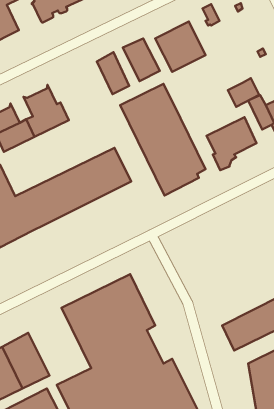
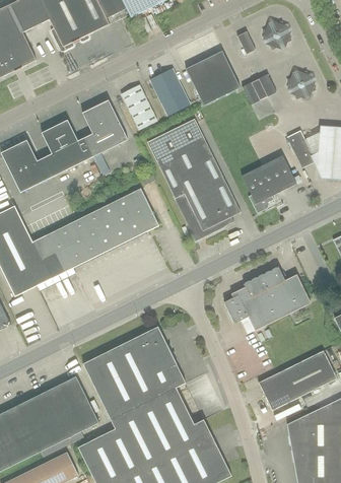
building: none -> [82,99,128,157]
building: [228,78,259,107] -> [243,73,277,105]
building: none -> [224,266,311,329]
building: none -> [47,375,99,436]

